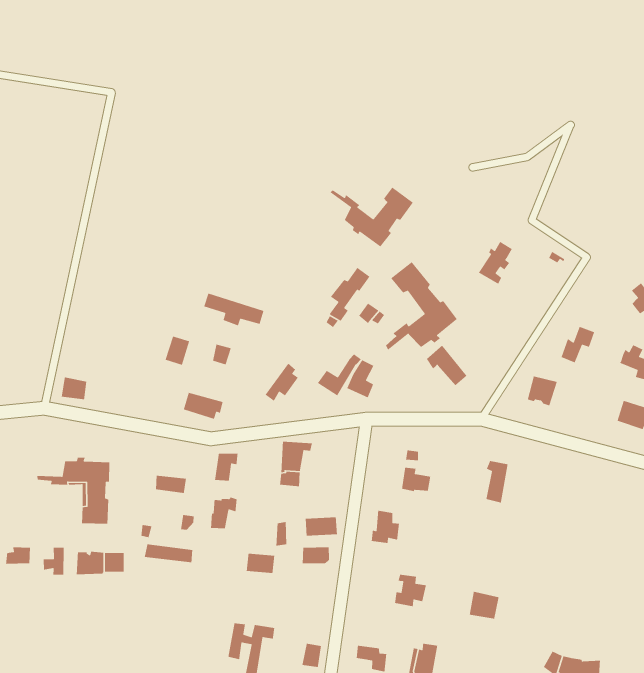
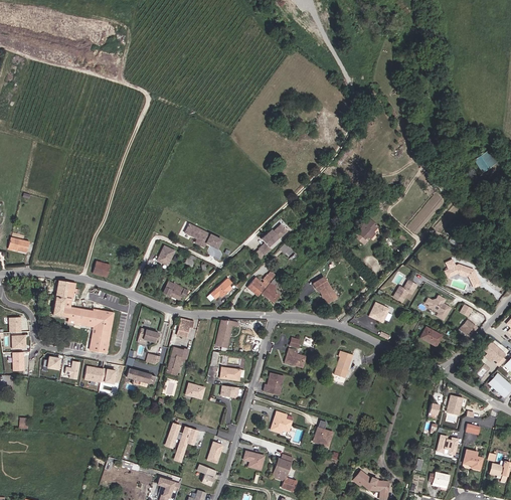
building: [329,186,414,247] -> none
building: [385,261,458,351] -> none
building: none -> [53,280,88,320]

